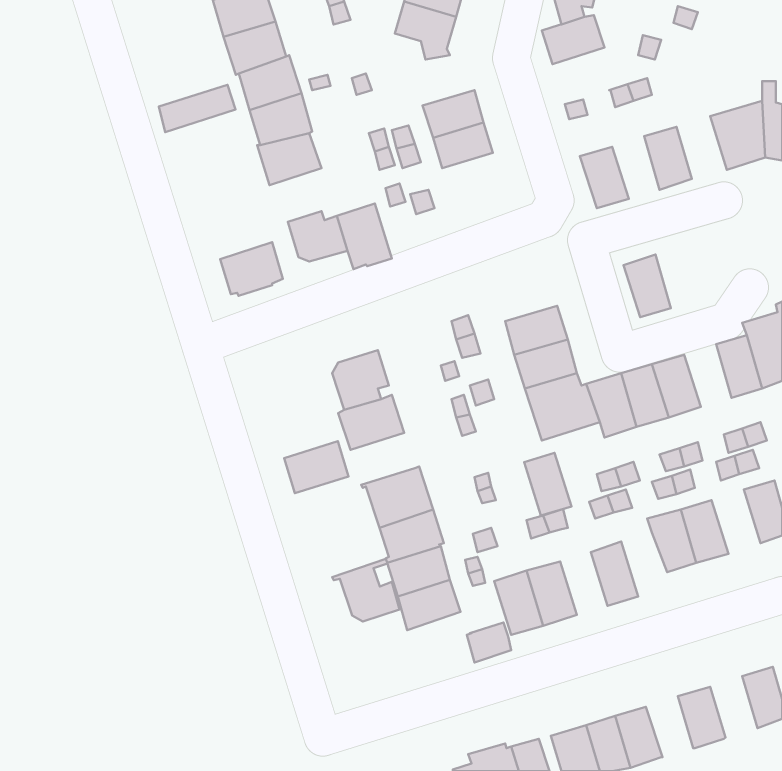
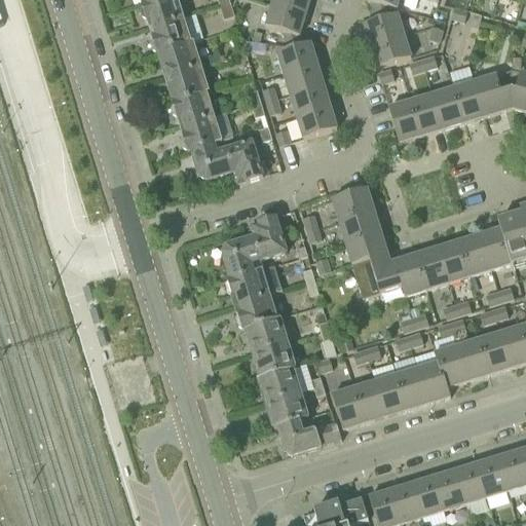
building: none -> [371,32,412,65]
building: none -> [277,37,318,71]
building: [159,85,236,132] -> none
building: none -> [454,78,488,120]
building: none -> [411,91,443,134]
building: none -> [297,103,338,136]
building: [220,242,283,296] -> [181,113,223,149]
building: [623,254,671,317] -> [459,231,491,273]
building: none -> [332,185,374,216]
building: none -> [250,214,287,259]
building: [284,441,349,493] -> [235,291,278,326]
building: [524,453,571,516] -> [376,371,408,413]
building: none -> [478,329,511,372]
building: none -> [417,358,451,401]
building: [332,559,400,622] -> [273,411,318,453]
building: none -> [477,454,509,495]
building: none -> [434,467,465,509]

